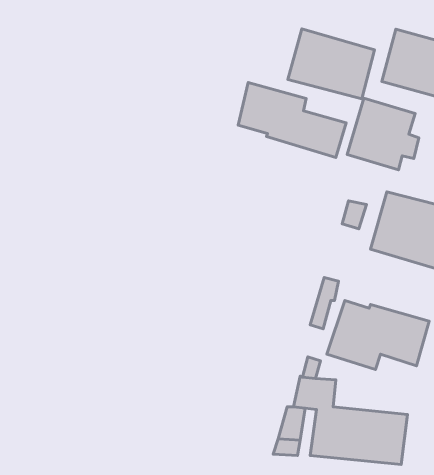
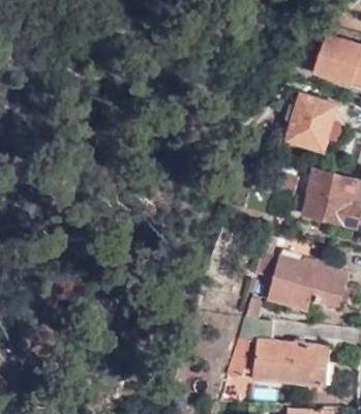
building: [288,29,375,99] -> none
building: [238,82,346,157] -> none

